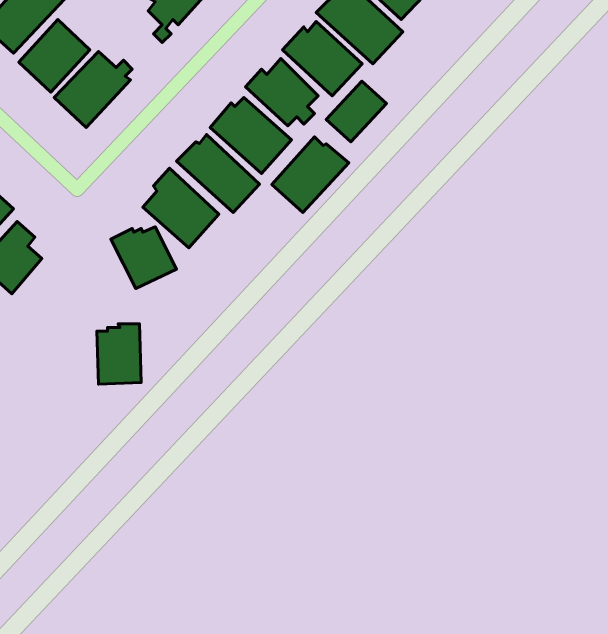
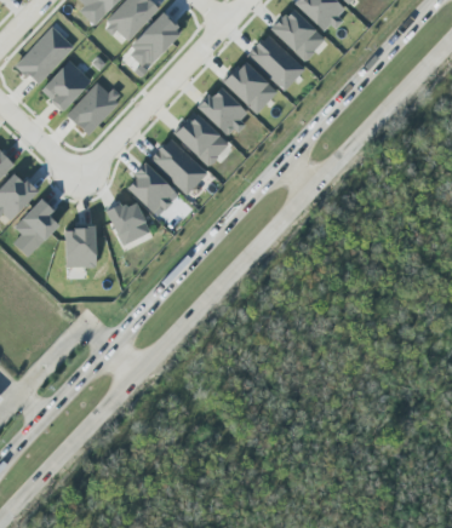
building: [326,81,387,142] -> none
building: [272,137,349,212] -> none
building: [97,324,141,384] -> [65,225,96,266]

